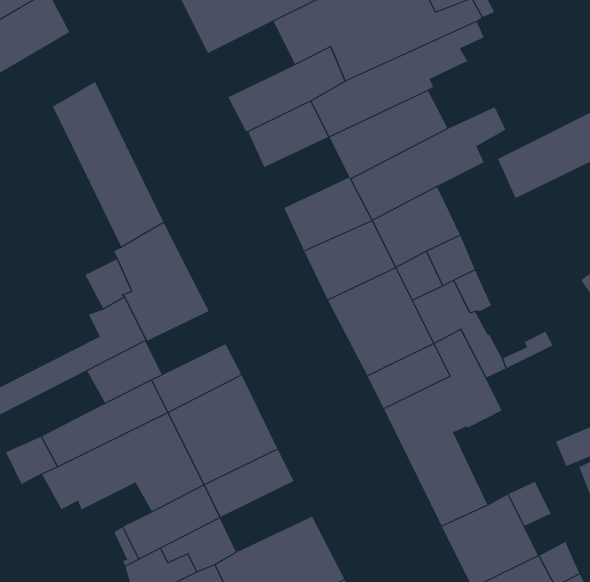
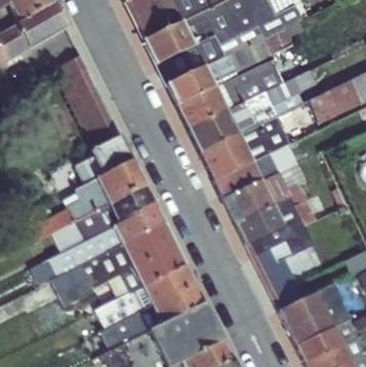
building: none -> [145,21,195,64]
building: none -> [177,87,226,128]
building: none -> [110,187,156,223]
building: none -> [152,284,205,324]

